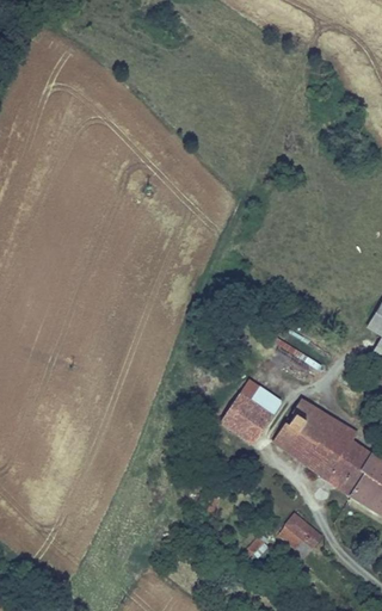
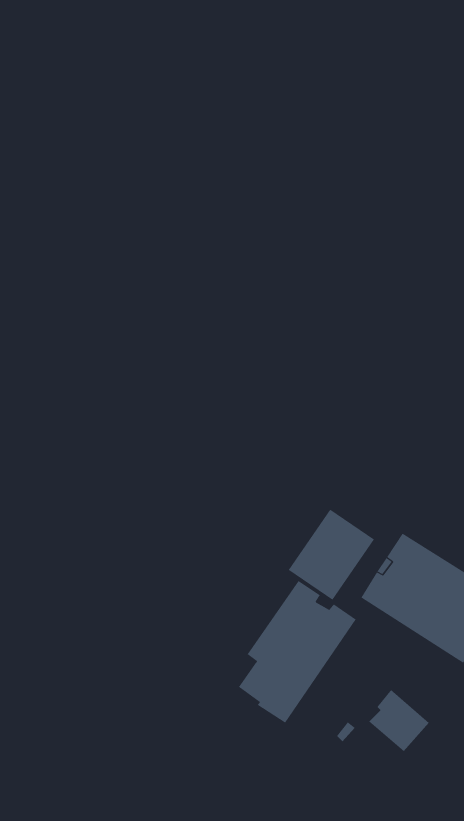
building: none -> [238,580,356,723]

